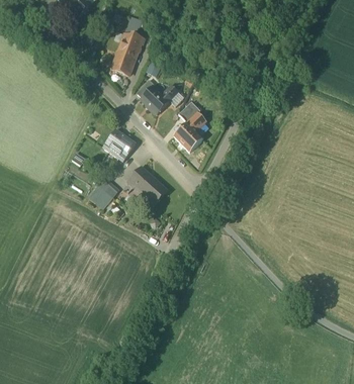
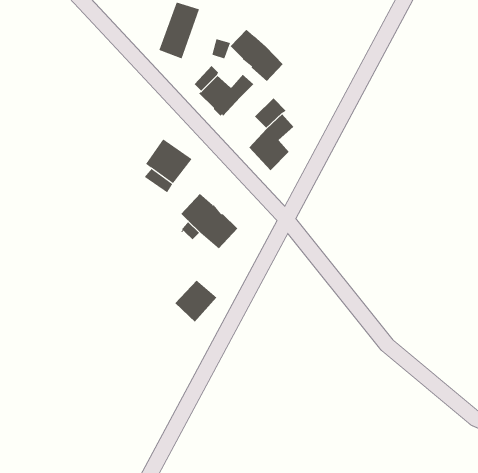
building: none -> [230,29,283,82]
building: [90,178,119,207] -> [174,280,217,322]

